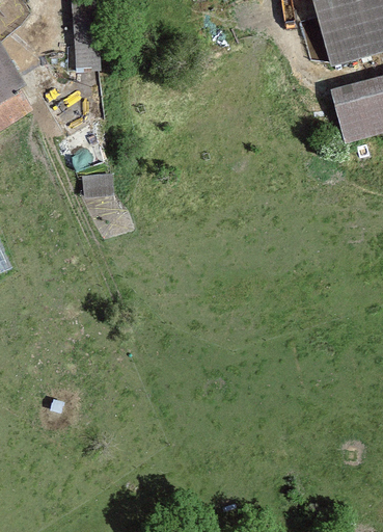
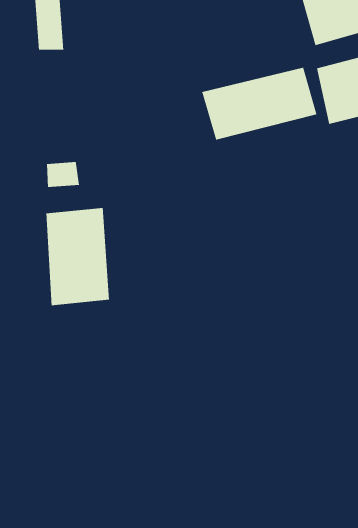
building: none -> [201,67,317,140]
building: none -> [46,207,110,306]

